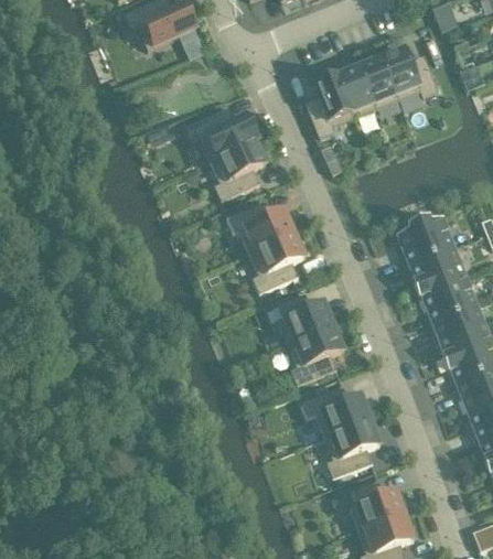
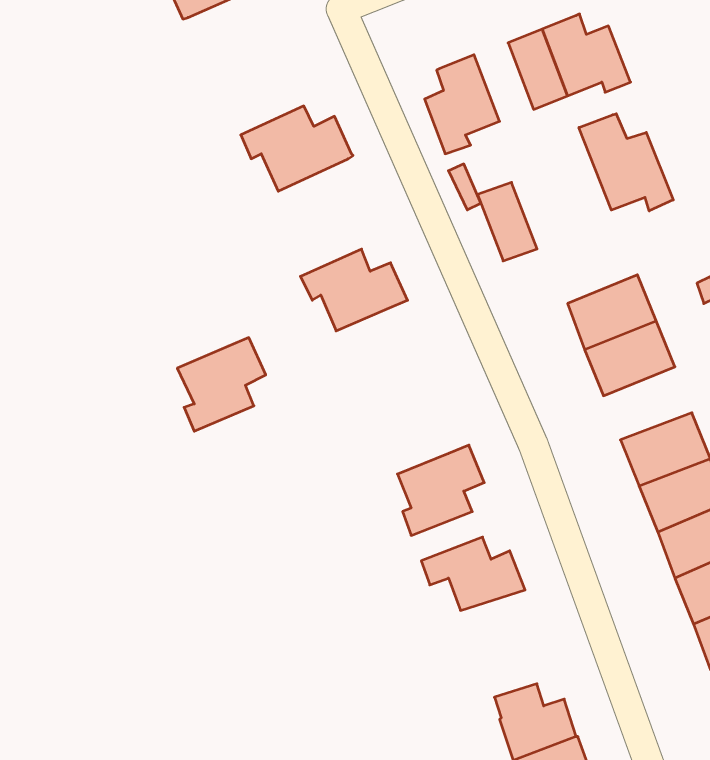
building: [337,64,376,115] -> [477,182,537,261]
building: none -> [579,114,673,211]
building: [211,139,266,198] -> none
building: [248,230,306,291] -> [177,338,266,431]
building: [421,273,479,321] -> none
building: [278,291,334,343] -> none
building: [325,418,381,476] -> none

